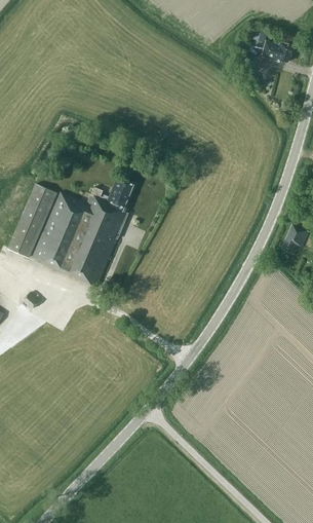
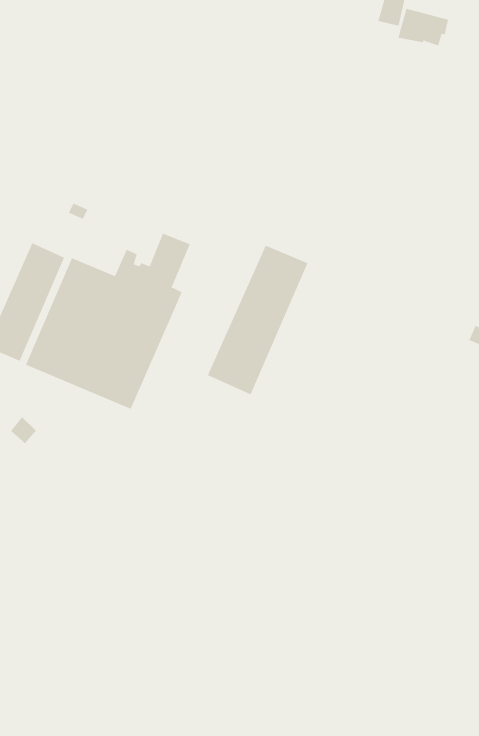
building: none -> [207,245,308,395]
building: [279,224,308,255] -> none

